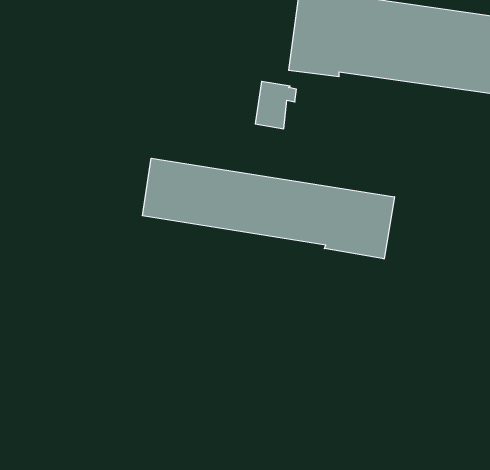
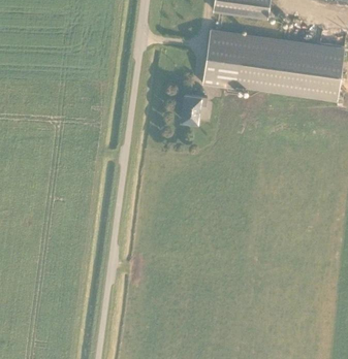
building: [143,158,394,259] -> none

